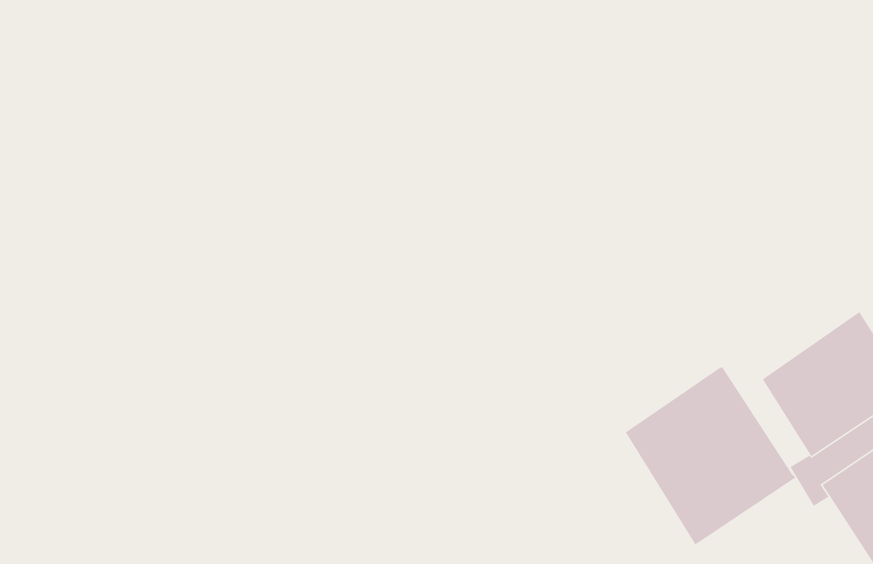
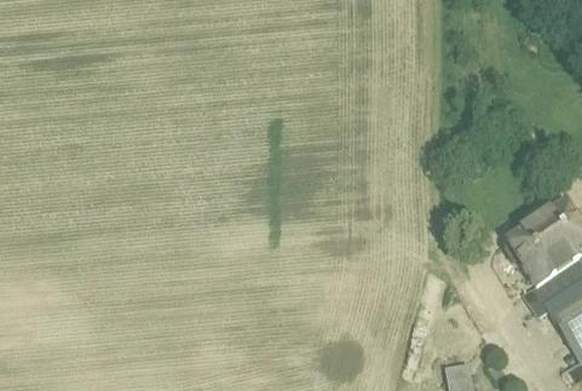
building: [625,366,796,545] -> none

